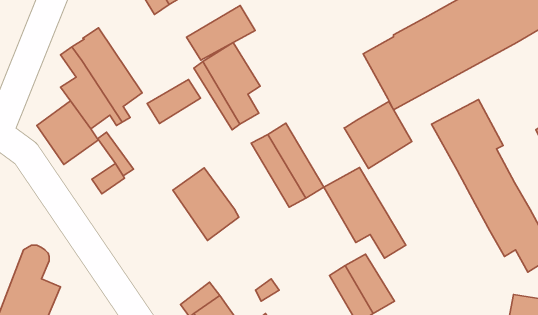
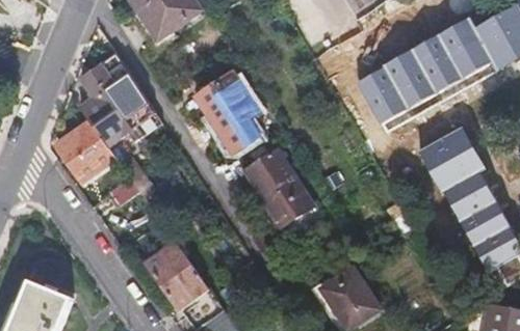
building: [186,5,255,60] -> none
building: [147,80,201,124] -> none
building: [344,102,412,168] -> none
building: [324,167,406,258] -> none
building: [173,168,239,241] -> [146,242,207,309]

